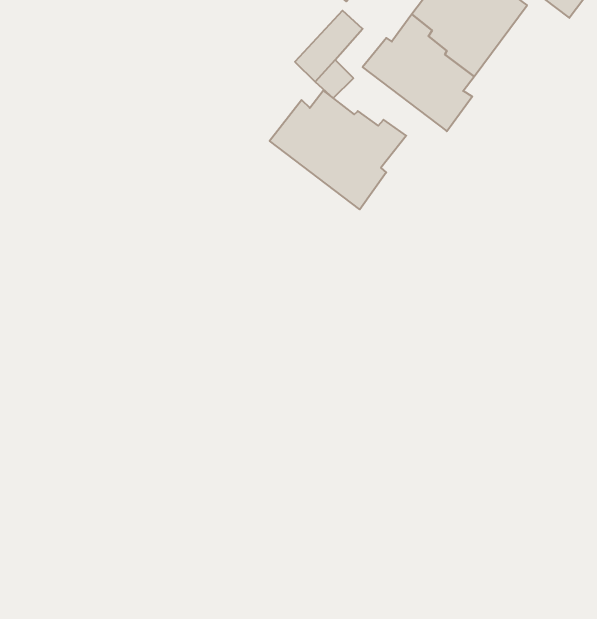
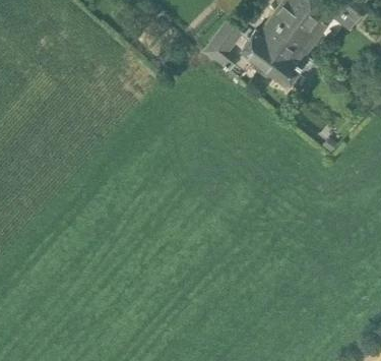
building: [270,90,406,209] -> none

